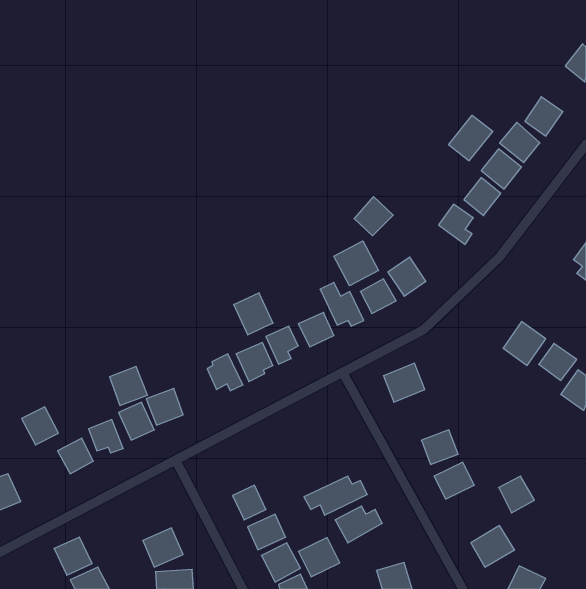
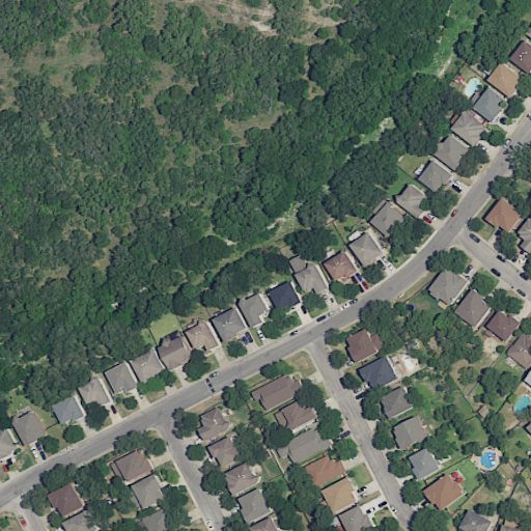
building: none -> [486,62,523,96]
building: [449,115,493,161] -> none
building: [354,197,393,236] -> [370,202,406,237]
building: none -> [486,198,523,234]
building: [334,241,379,286] -> none
building: [234,293,273,335] -> none
building: none -> [426,267,467,308]
building: [110,366,148,406] -> [159,335,193,370]
building: none -> [361,356,398,392]
building: [22,407,58,445] -> [12,412,46,446]
building: none -> [250,373,303,410]
building: none -> [274,402,317,434]
building: none -> [199,408,229,440]
building: [499,476,534,513] -> [408,447,440,480]
building: none -> [109,449,151,485]
building: [298,538,340,577] -> [320,478,358,513]

